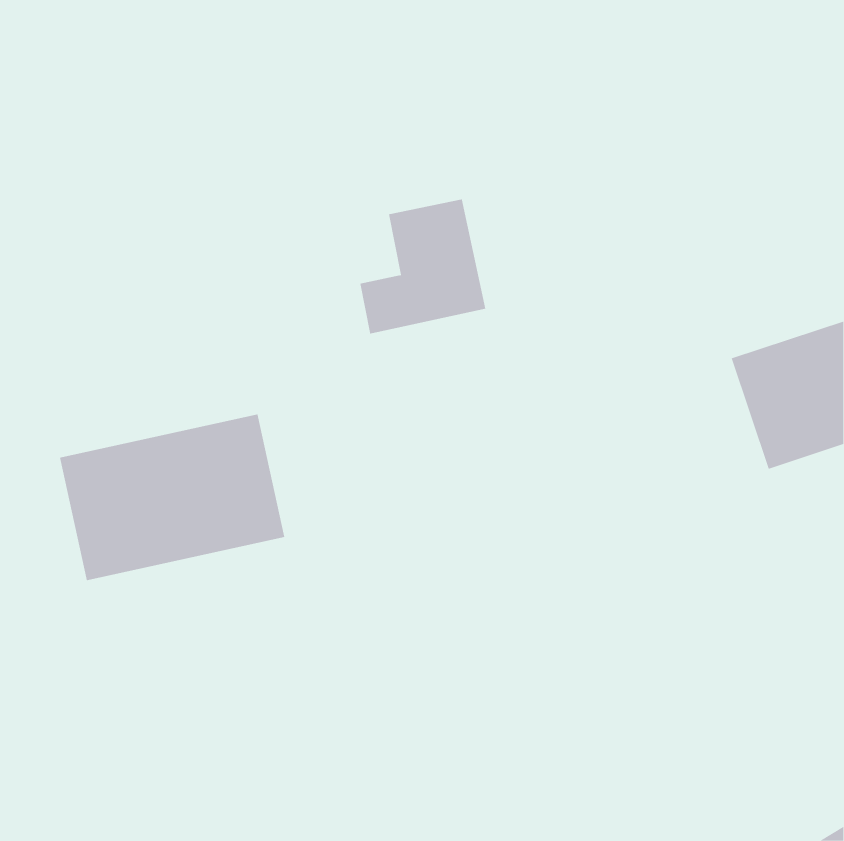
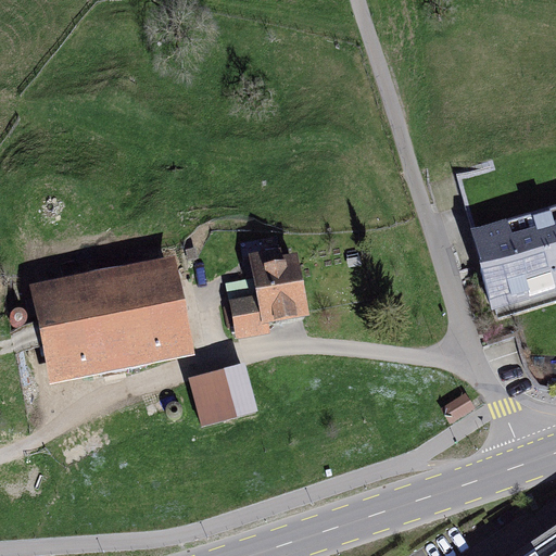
building: [360,199,486,334] -> [228,245,309,332]
building: none -> [197,364,261,424]

